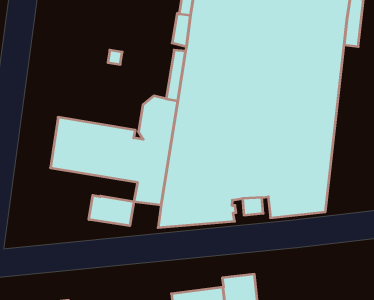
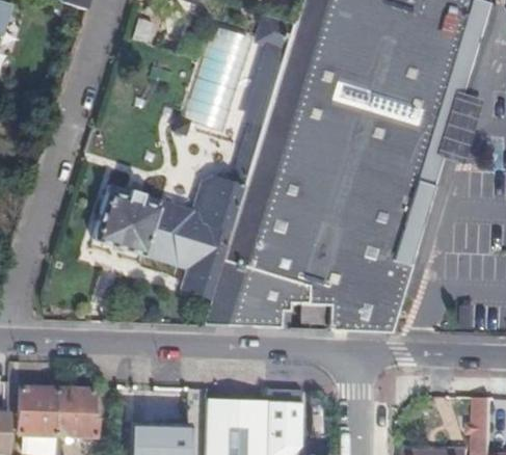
building: [89,195,134,226] -> none

